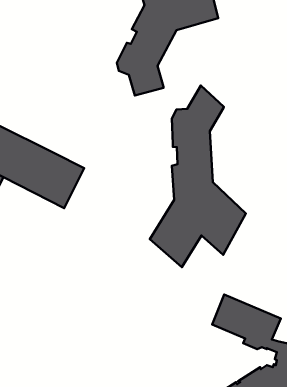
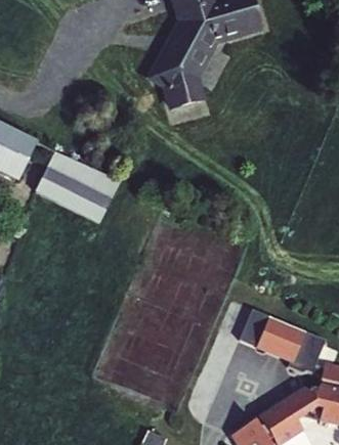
building: [150,86,246,267] -> none

